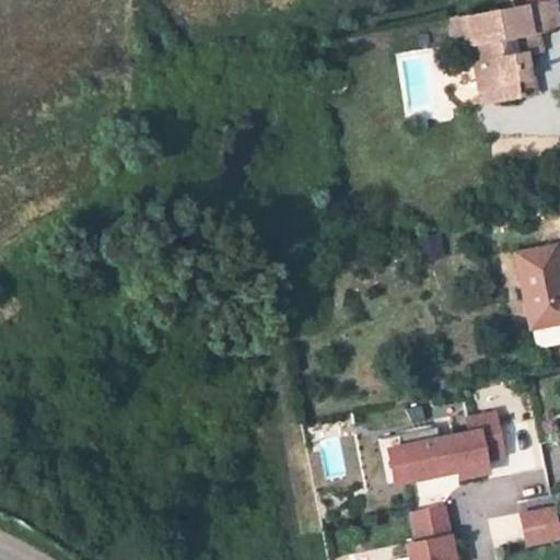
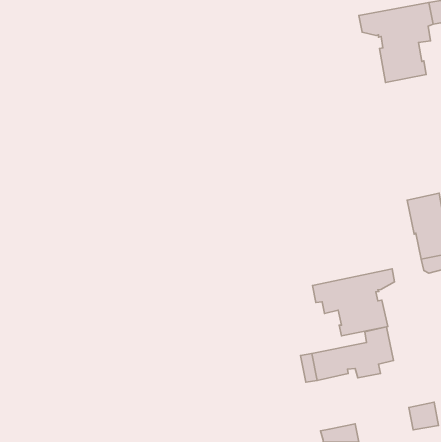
building: none -> [313,269,394,336]
building: [412,506,451,541] -> none

